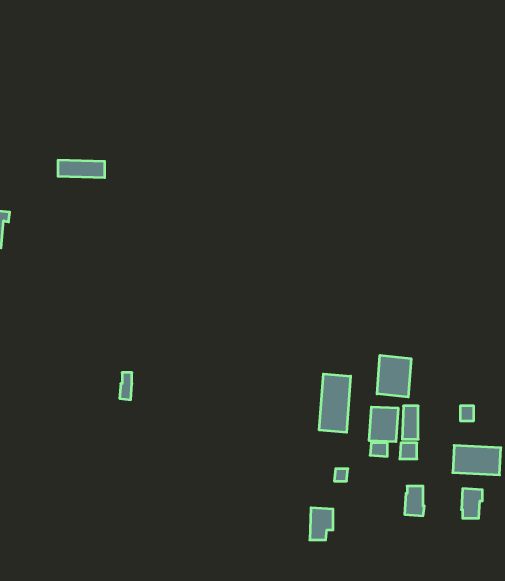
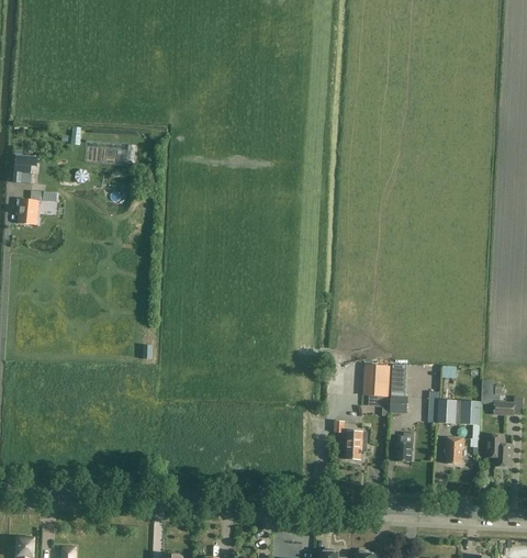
building: [377,355,411,397] -> none
building: [319,374,351,432] -> none
building: [310,508,333,540] -> [345,431,366,459]

